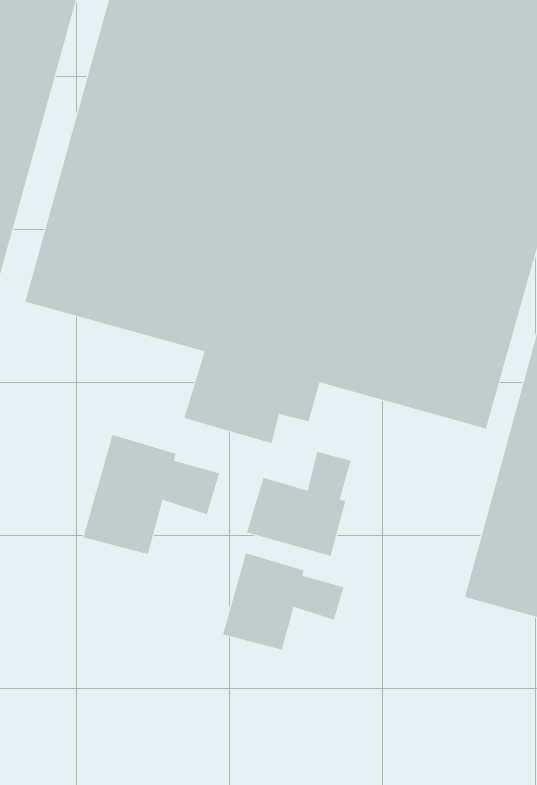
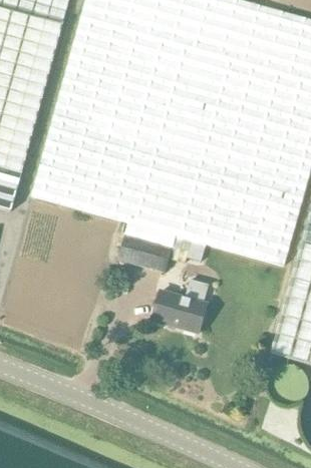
building: [83,434,220,555] -> none
building: [222,553,344,651] -> none

